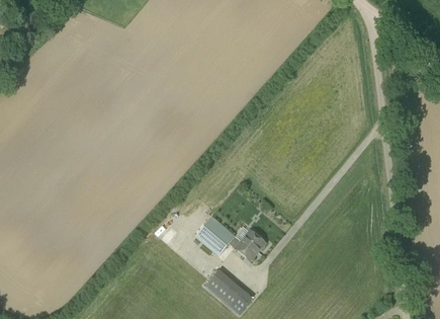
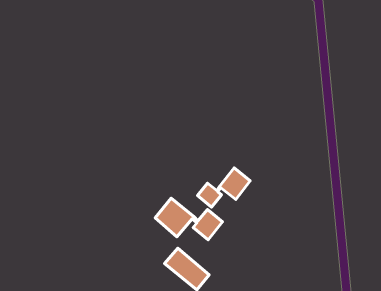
building: none -> [197,168,250,207]

